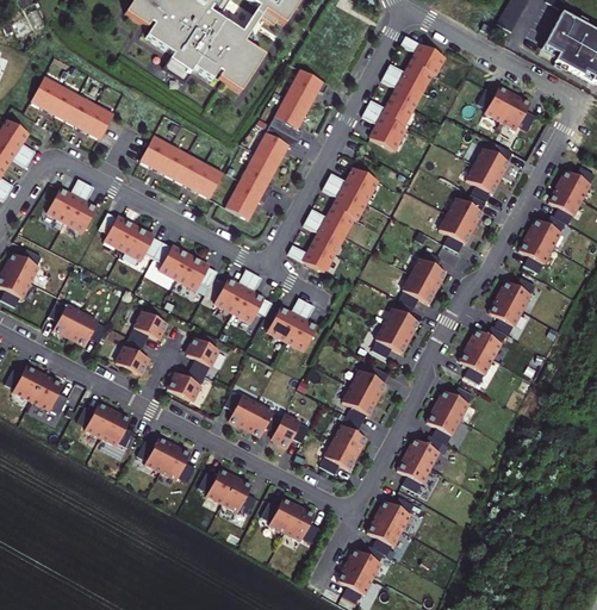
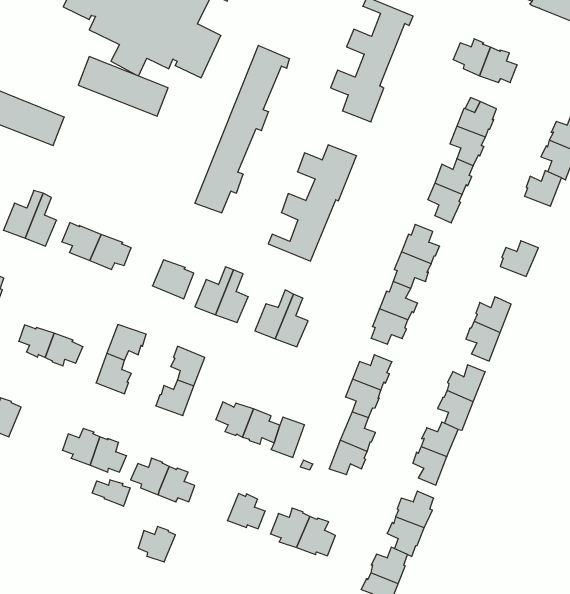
building: [141,136,223,198] -> [78,57,168,116]
building: [520,236,552,273] -> none
building: [154,242,191,279] -> none
building: [489,298,522,335] -> none
building: [30,376,68,417] -> none
building: none -> [92,480,130,506]
building: [199,469,235,503] -> [138,526,175,562]

